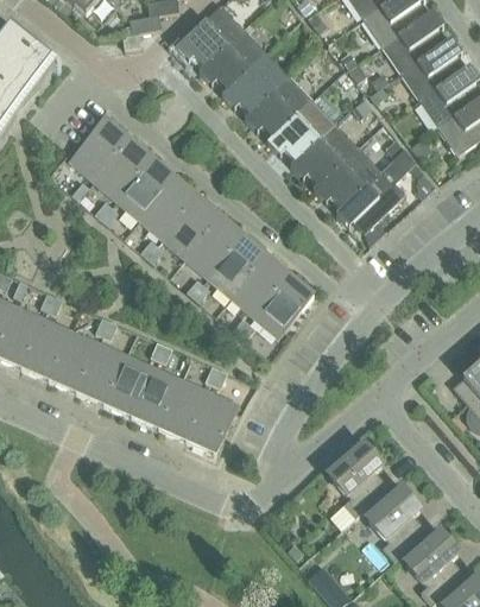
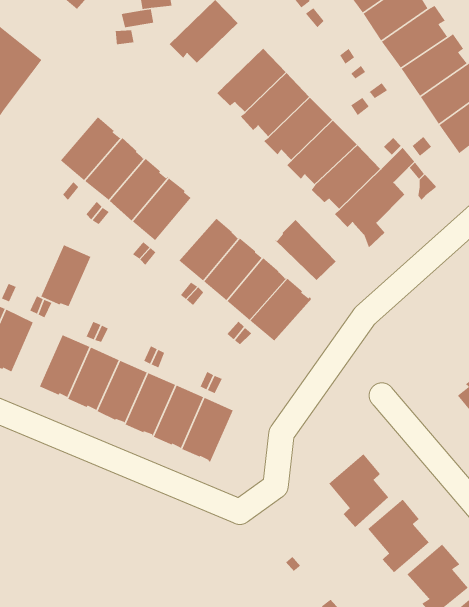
building: [197,26,265,89] -> none
building: [160,195,220,257] -> none
building: none -> [275,219,337,281]
building: [20,316,70,379] -> [40,244,92,309]

